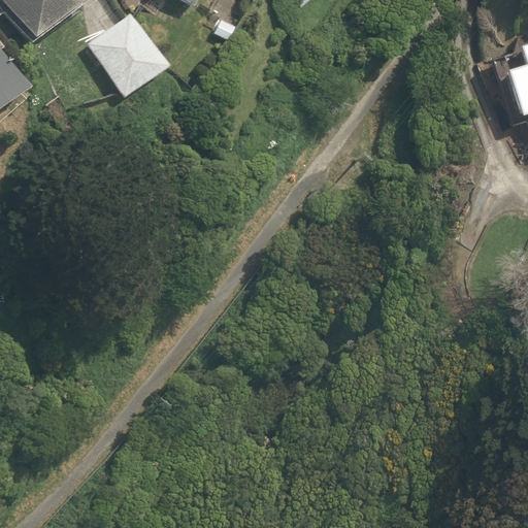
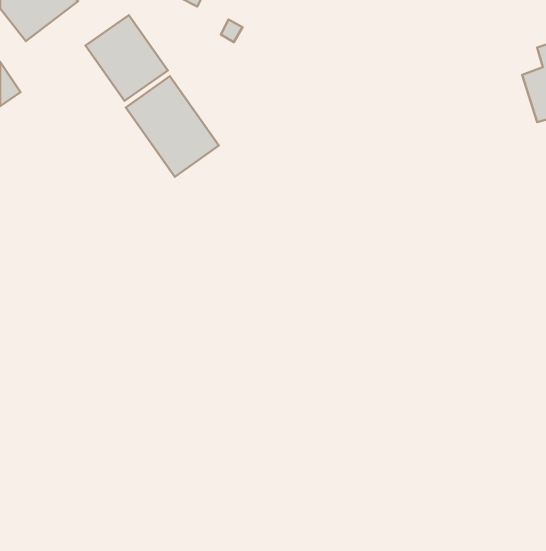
building: none -> [126,76,219,177]

